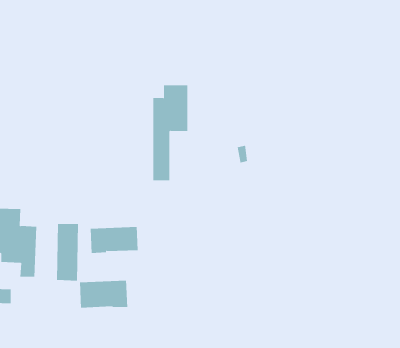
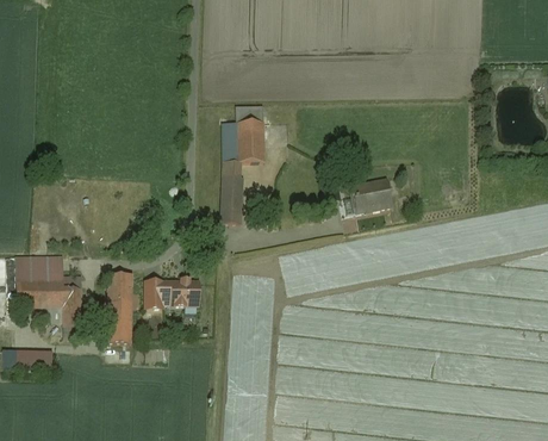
building: none -> [350,179,390,212]
building: [80,280,128,309] -> none

